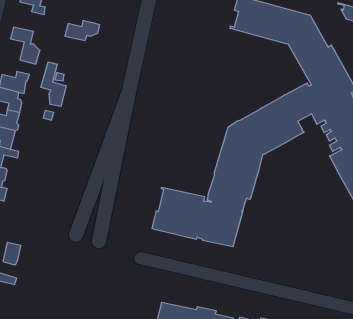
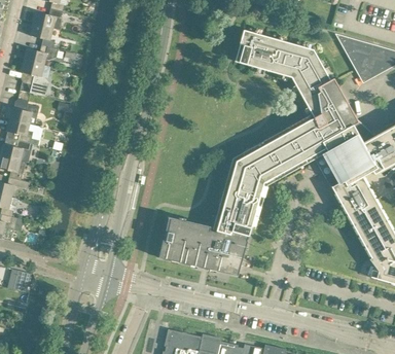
building: [65,20,100,41] -> [24,45,58,65]
building: [41,62,66,106] -> none

